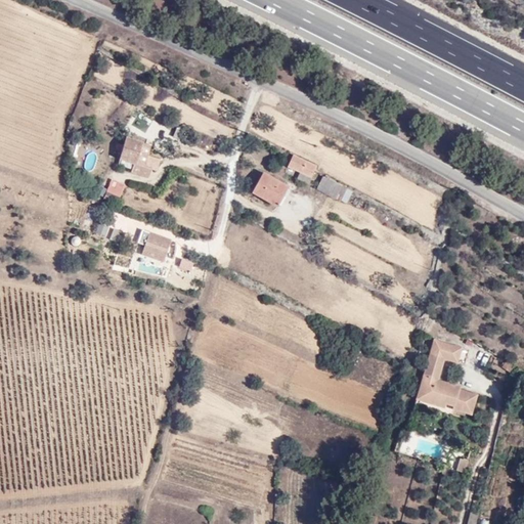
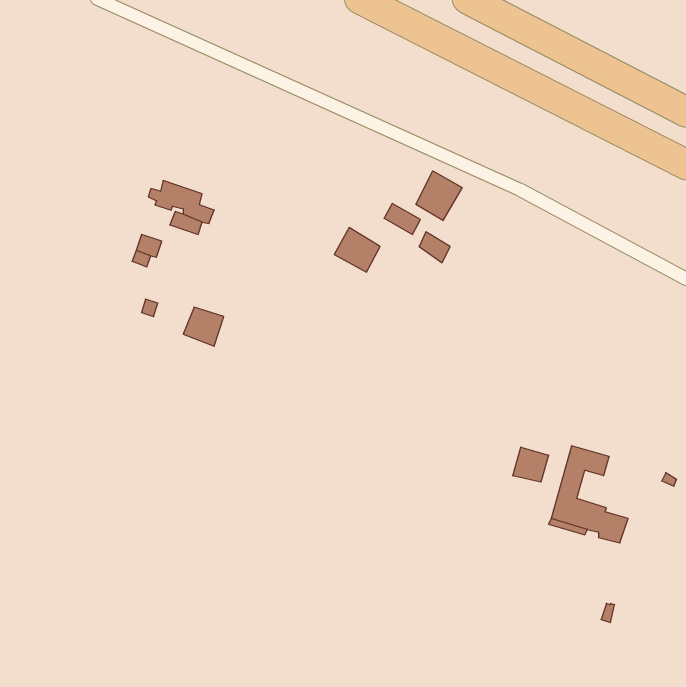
building: none -> [416,171,462,221]
building: none -> [513,447,549,482]

